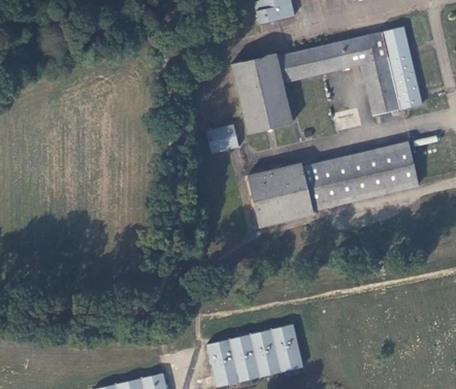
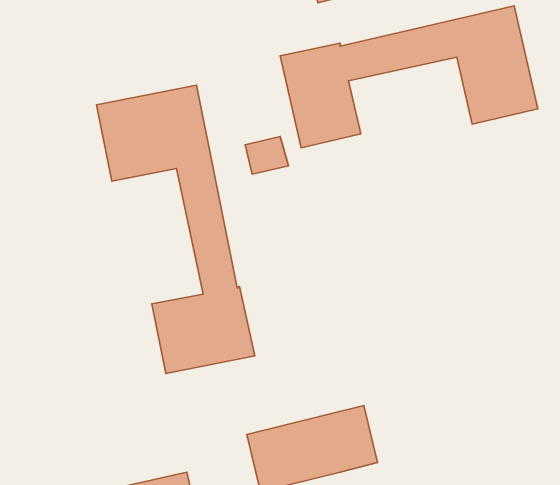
building: none -> [97,85,255,374]
building: [250,142,418,226] -> none

